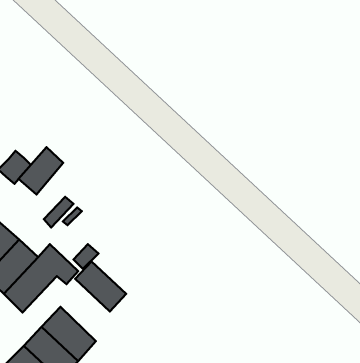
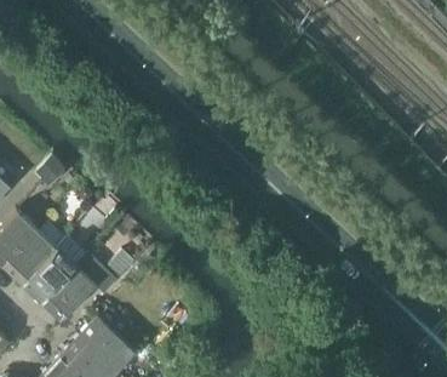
building: [19,147,63,194] -> none
building: [75,261,126,311] -> none

